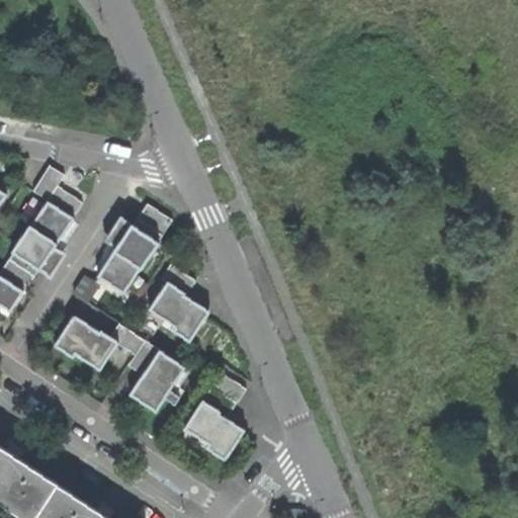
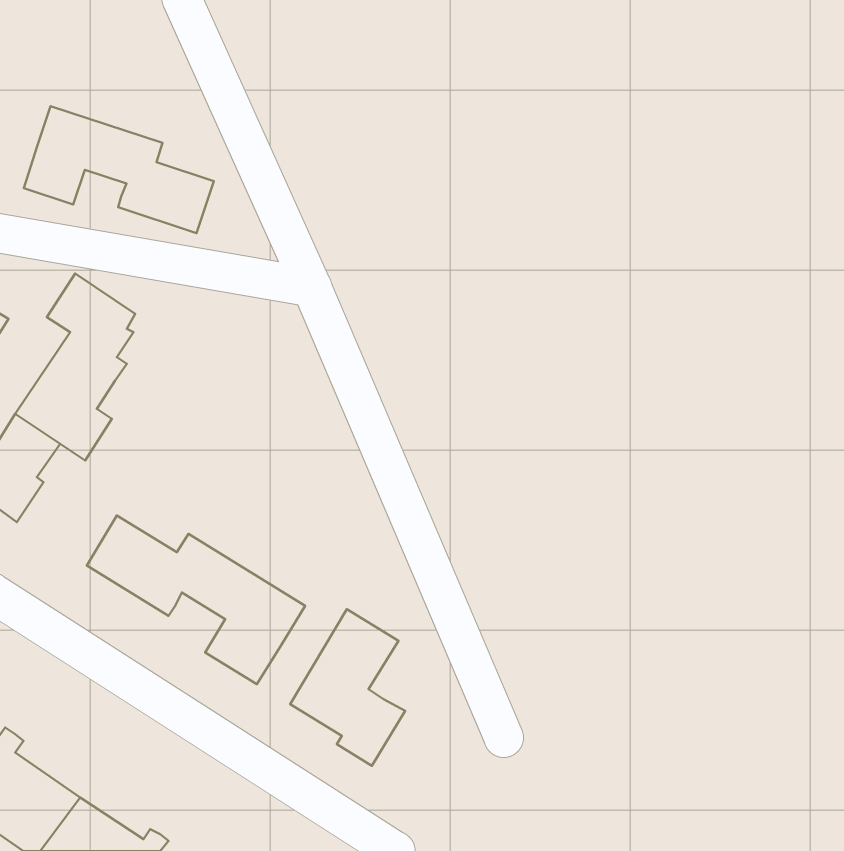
building: none -> [24,106,214,233]
building: [92,204,170,295] -> none
building: [144,264,210,341] -> none

